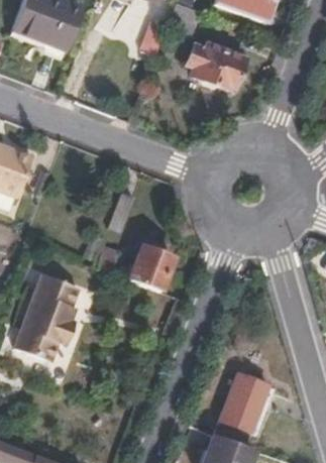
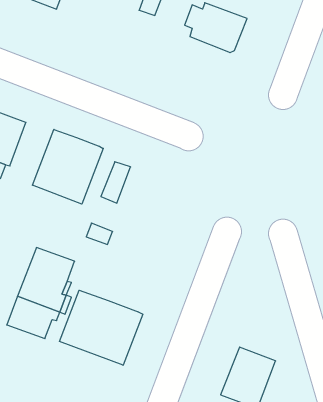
building: none -> [32,129,103,204]
building: [131,245,174,292] -> none
building: none -> [60,290,143,365]

